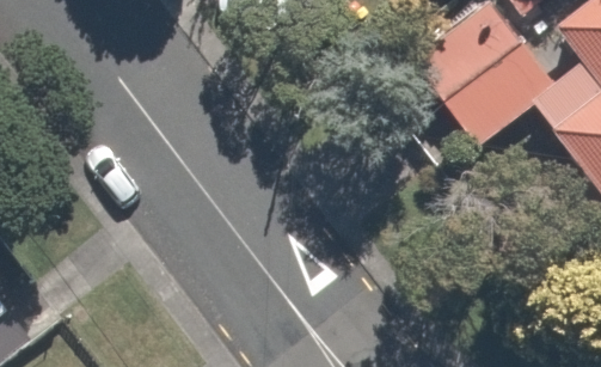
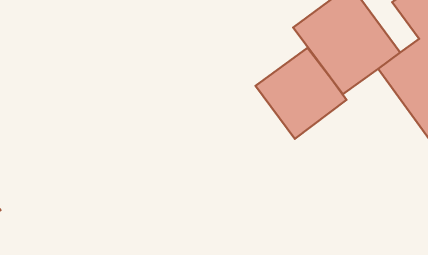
building: none -> [256,48,347,139]

